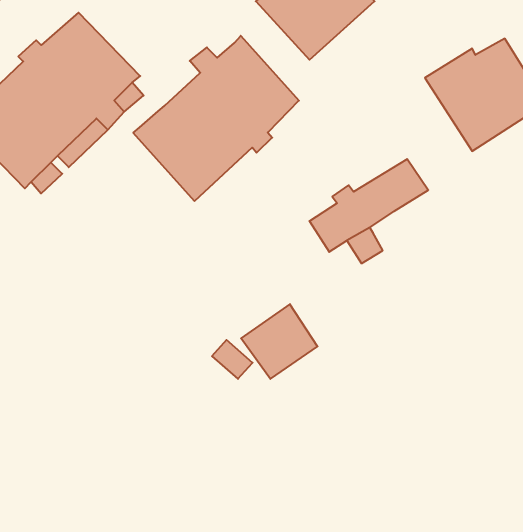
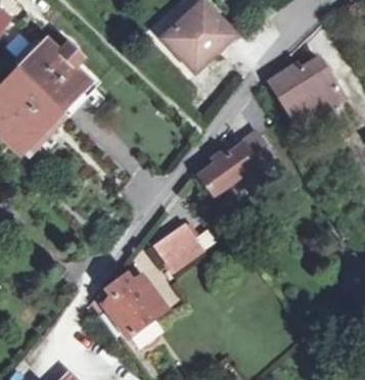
building: [133,36,299,201] -> none
building: none -> [96,272,165,334]

